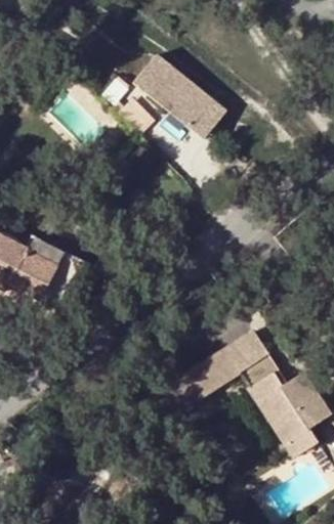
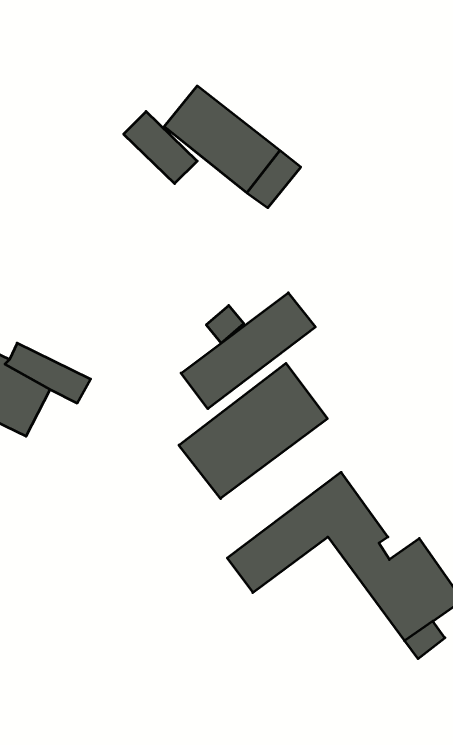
building: none -> [181,293,315,409]
building: none -> [179,363,327,499]

